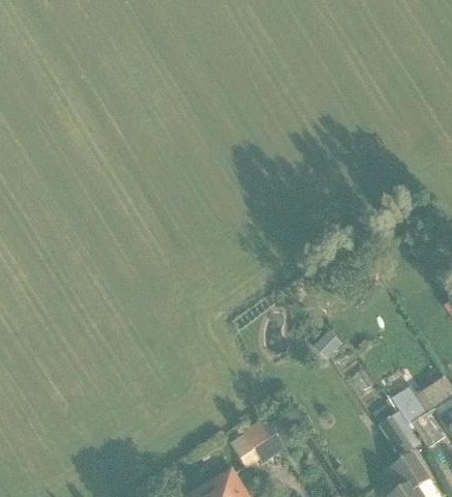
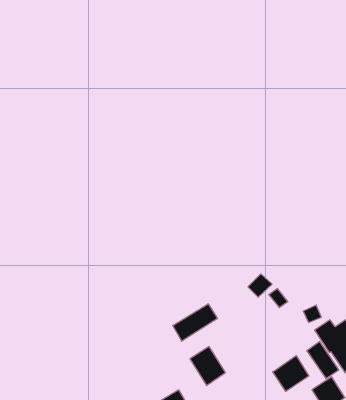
building: none -> [173,304,217,341]
building: none -> [273,356,309,391]

